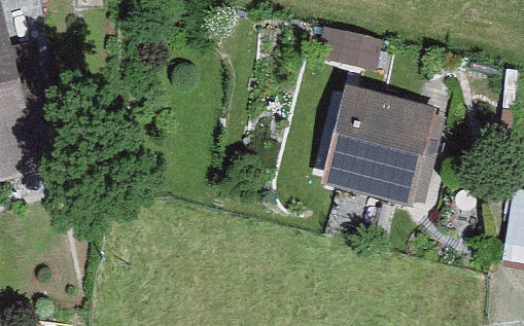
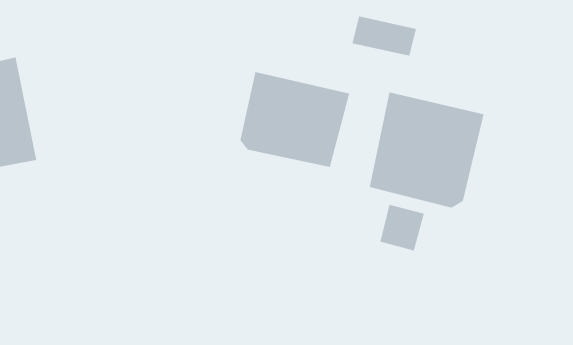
building: none -> [239,71,350,168]

